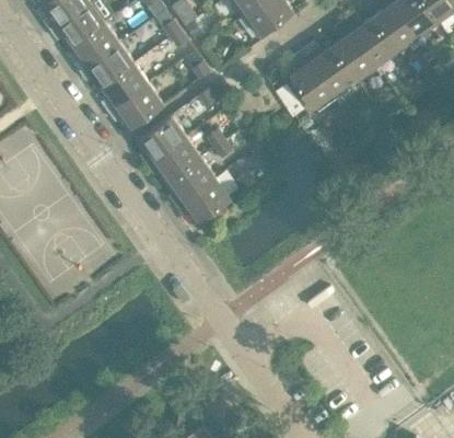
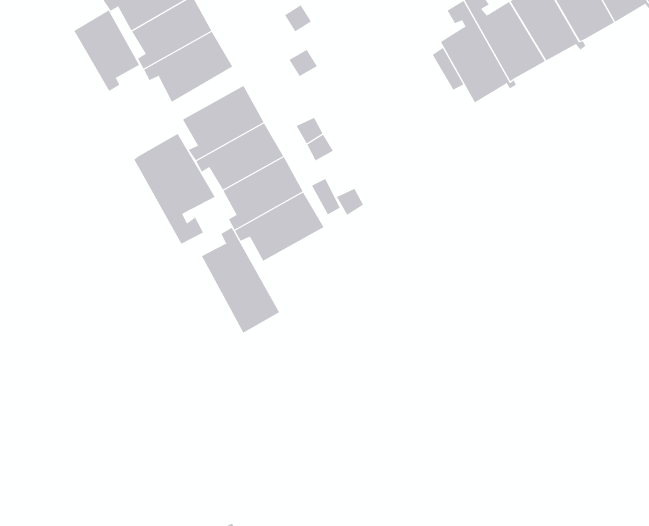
building: none -> [73,9,140,92]
building: none -> [134,133,215,244]
building: none -> [201,227,280,334]

